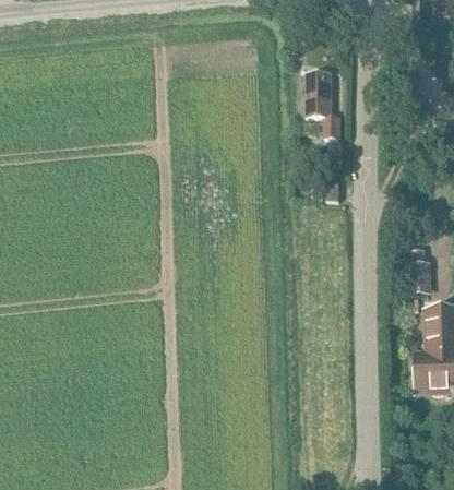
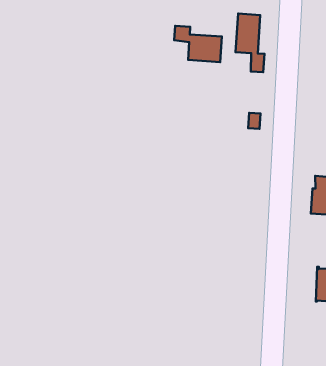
building: none -> [174,26,222,62]

